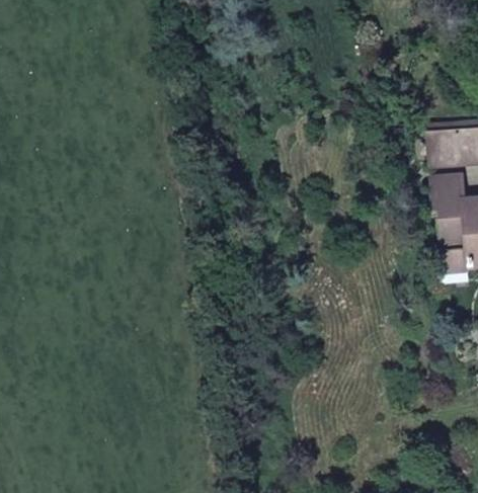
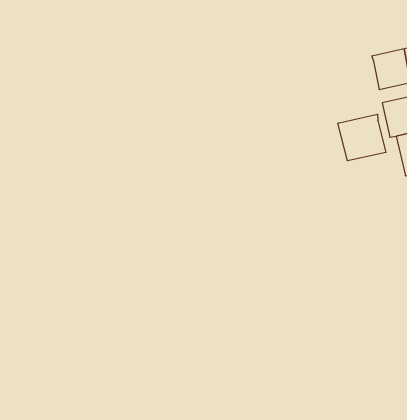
building: none -> [338,114,386,161]

